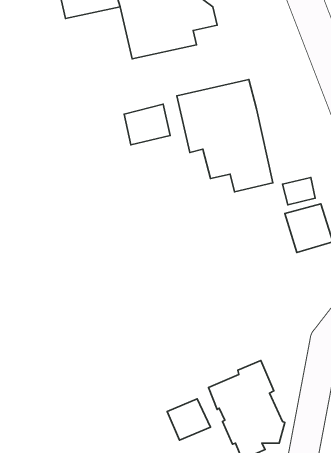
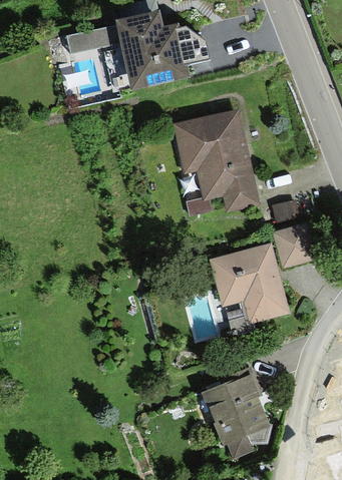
building: [124,104,170,145] -> none
building: none -> [210,244,290,324]
building: [167,399,210,440] -> none

